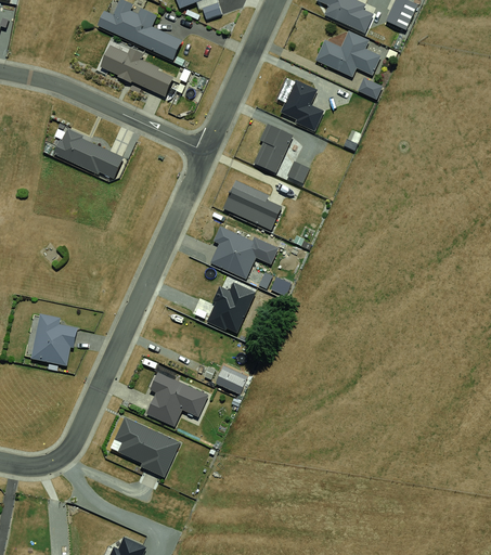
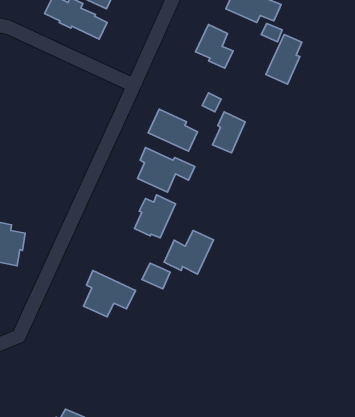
building: none -> [266,34,302,84]
building: [254,124,293,172] -> [212,112,245,153]
building: [53,129,124,179] -> none
building: none -> [164,230,213,274]
building: [115,417,180,477] -> none

